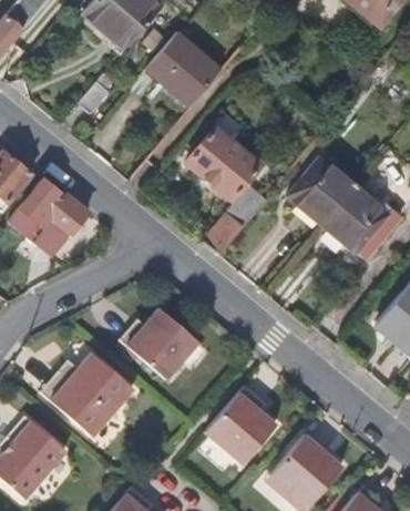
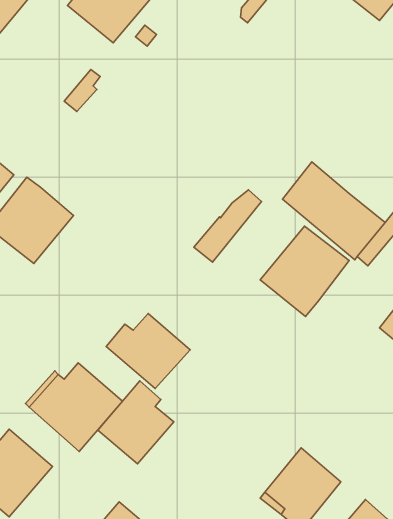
building: [145,32,221,109] -> none
building: [185,129,258,200] -> none
building: none -> [260,226,349,316]
building: [204,385,276,463] -> [98,381,174,464]

